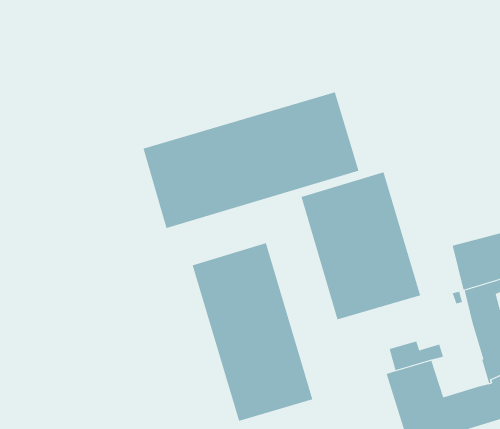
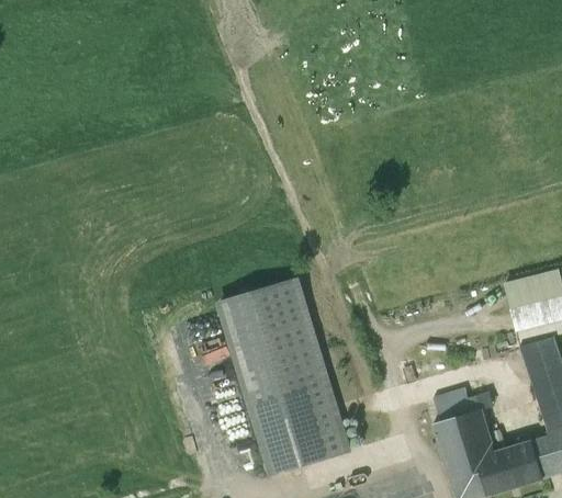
building: [143,91,359,229] -> none
building: [301,172,421,320] -> none

